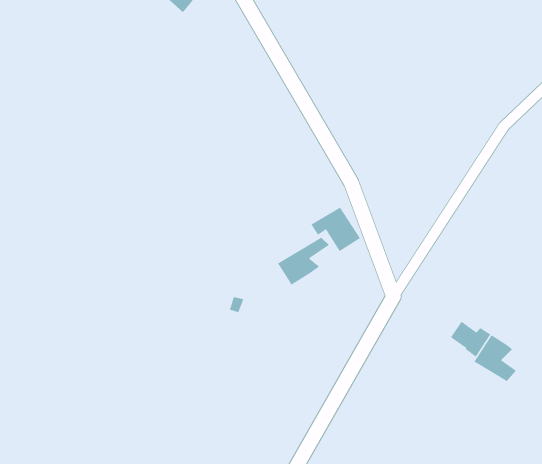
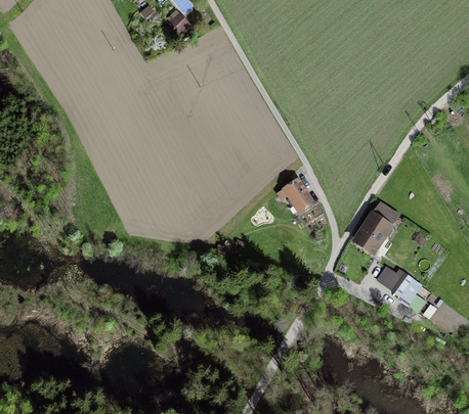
building: [277,237,330,285] -> none
building: none -> [356,204,395,249]

